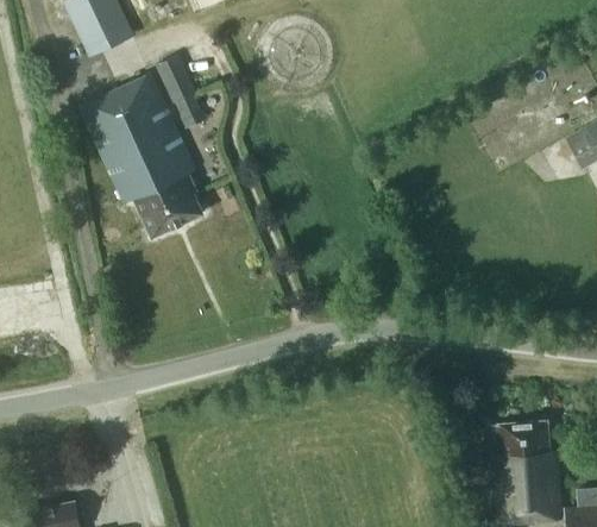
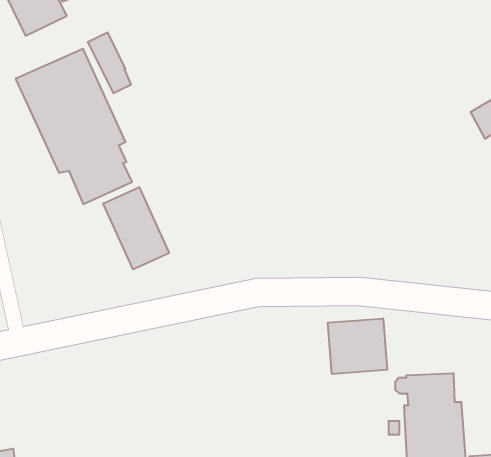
building: none -> [103,187,169,269]
building: none -> [328,318,387,374]

